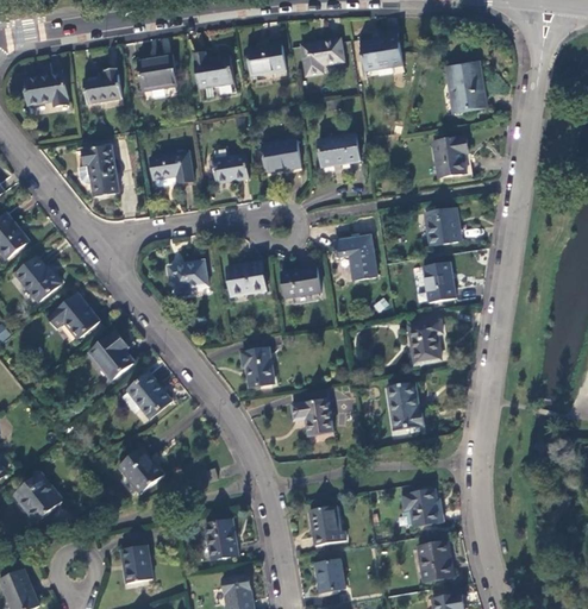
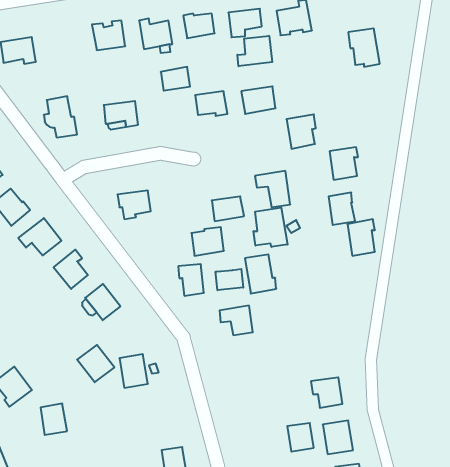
building: [82,69,121,103] -> none
building: none -> [237,36,272,66]
building: [432,137,468,178] -> [286,114,316,149]
building: [212,155,248,183] -> [161,67,190,91]
building: [226,262,265,296] -> [191,227,224,256]
building: none -> [254,207,288,247]
building: [408,321,442,365] -> [347,219,375,256]
building: none -> [216,269,243,290]
building: [386,384,424,432] -> [245,254,276,294]
building: [307,503,344,541] -> none
building: [201,516,236,557] -> [119,354,148,388]
building: [117,542,149,580] -> [41,404,67,435]
building: [313,554,345,589] -> [287,423,314,452]

